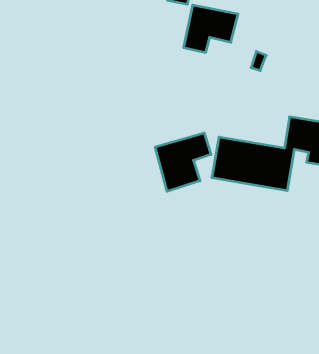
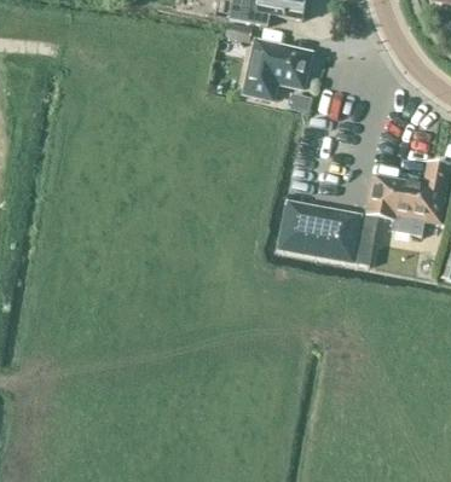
building: [155,133,211,191] -> none

